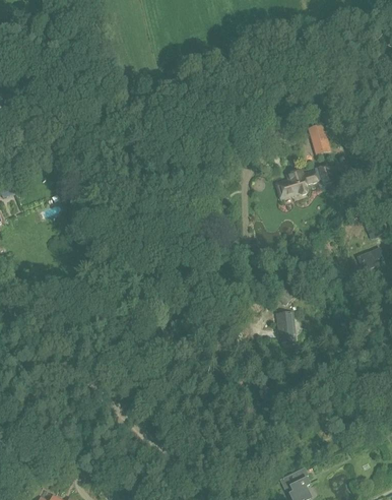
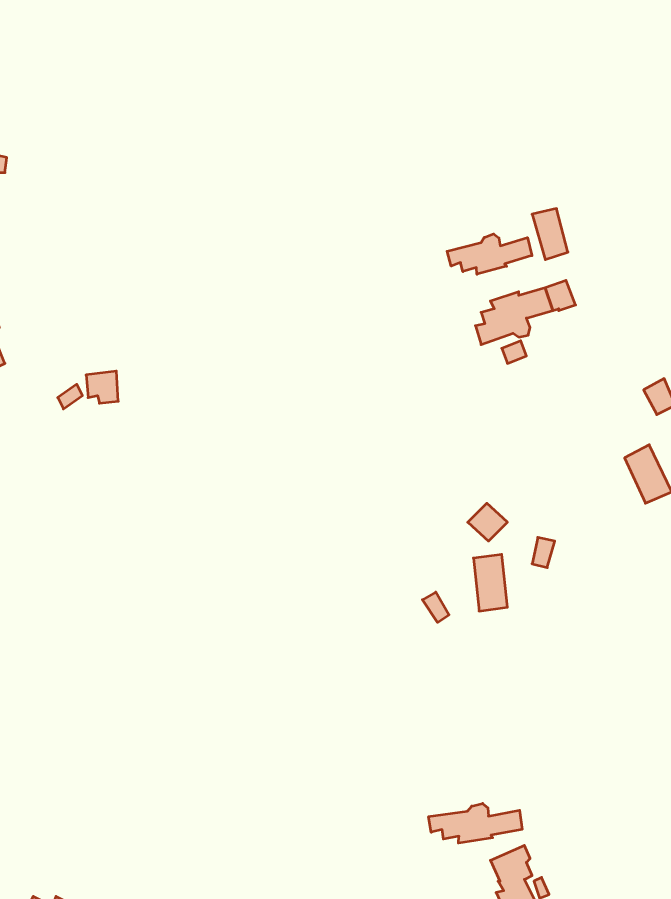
building: none -> [447,234,532,274]
building: none -> [429,803,522,843]

